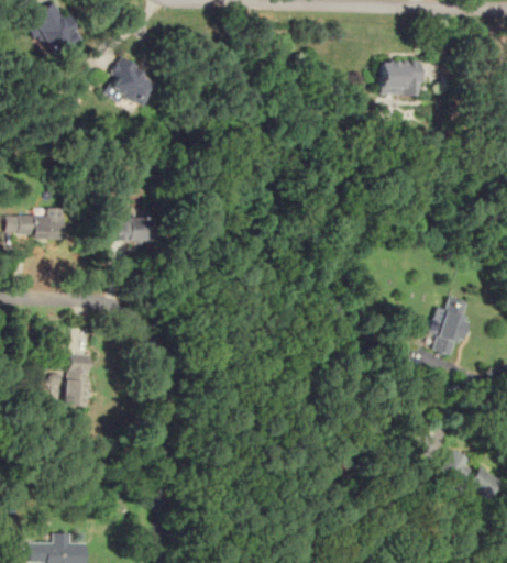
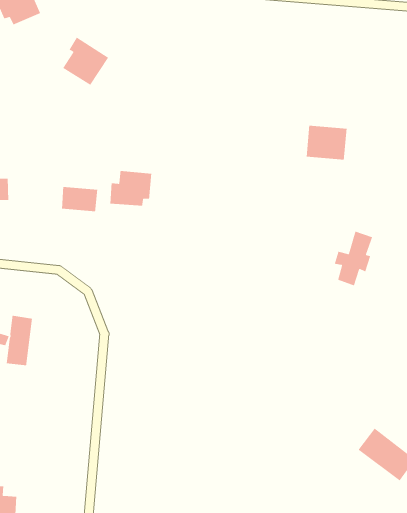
building: [381,60,422,96] -> [306,125,347,161]
building: none -> [109,170,152,207]
building: [429,297,469,355] -> [334,231,373,286]

